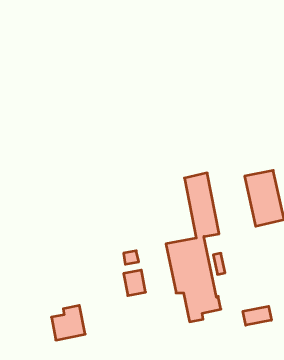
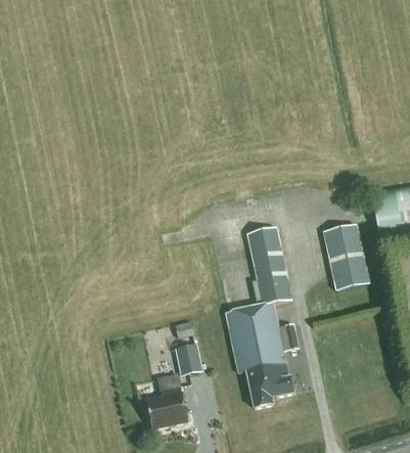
building: [51,305,85,340] -> [146,386,187,427]
building: [243,306,271,325] -> none

